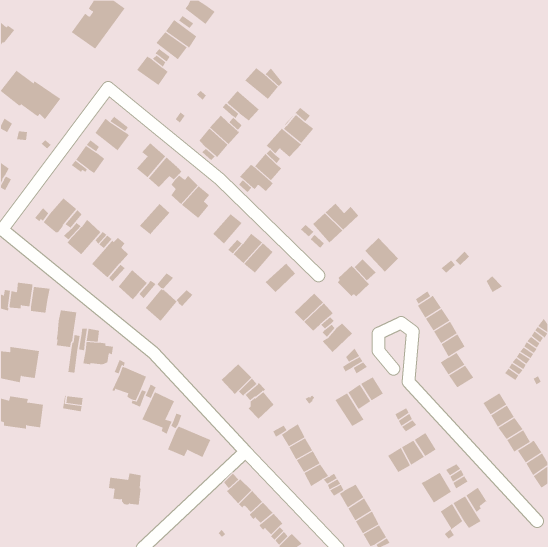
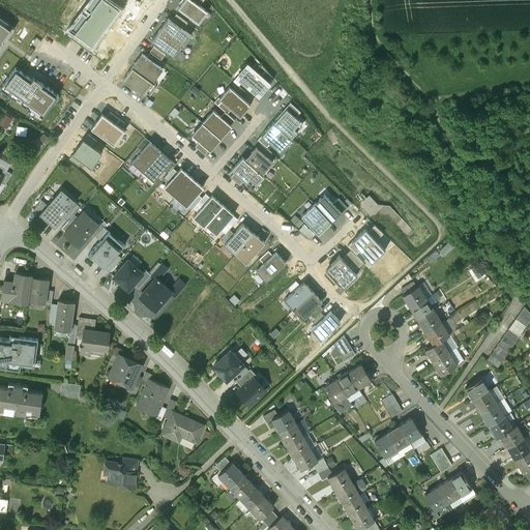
building: none -> [122,68,153,96]
building: [139,203,170,235] -> [193,198,223,229]
building: [421,472,452,504] -> none

